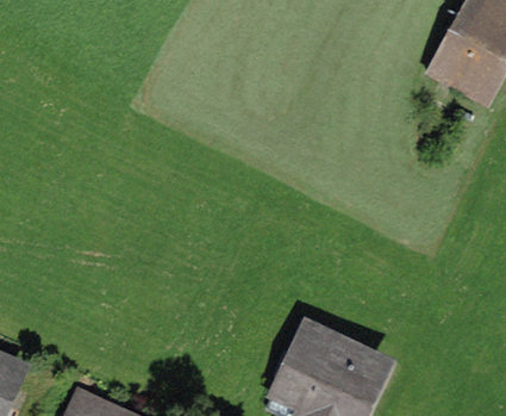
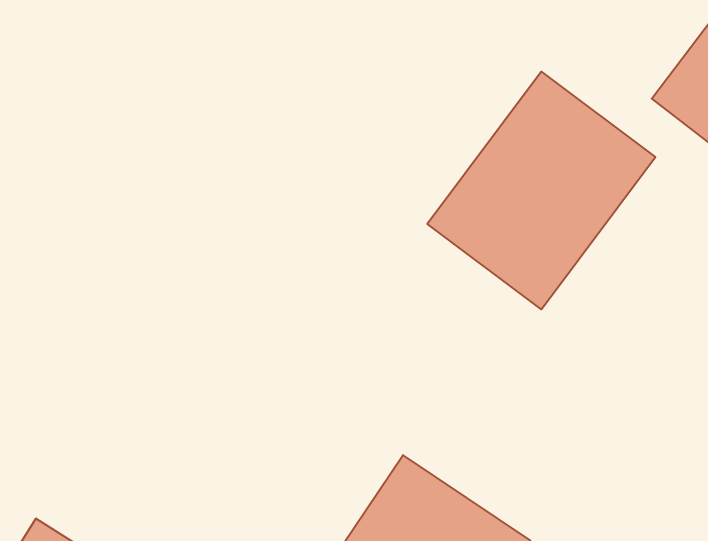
building: none -> [427,72,655,309]

